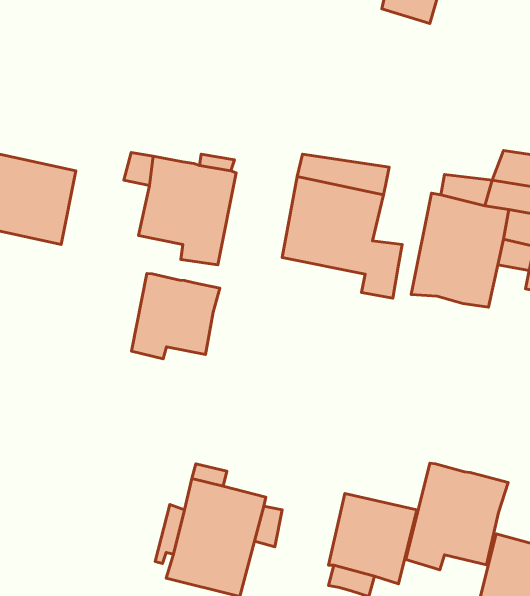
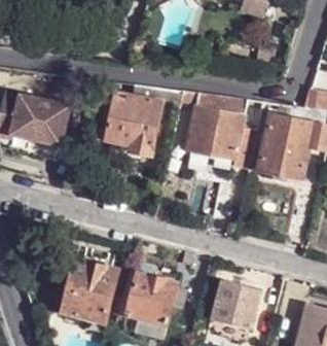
building: [131,274,220,359] -> none
building: none -> [61,258,116,322]
building: [406,463,508,570] -> none

